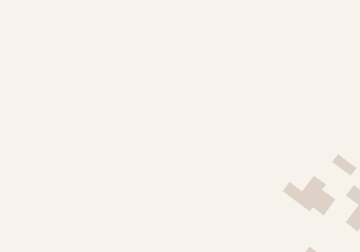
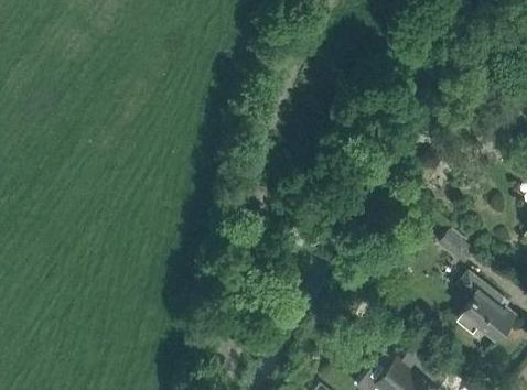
building: [282,175,336,216] -> none

